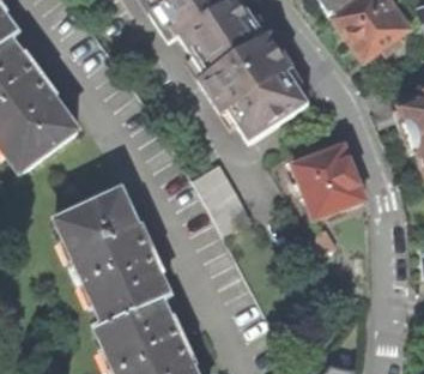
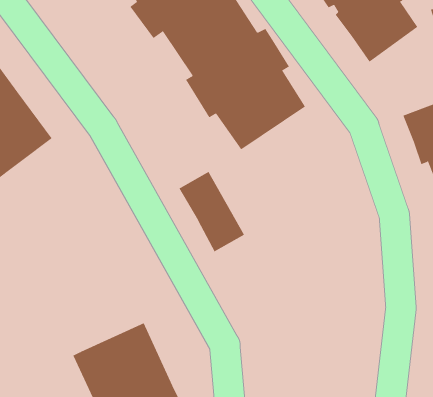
building: [293,121,364,217] -> none
building: [56,188,168,322] -> none

